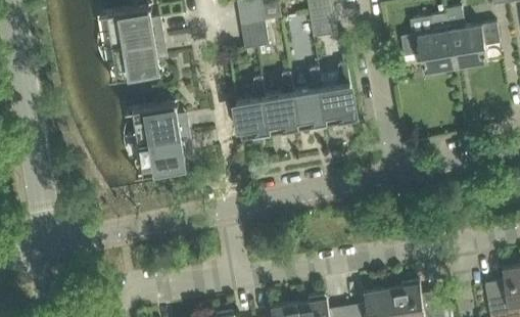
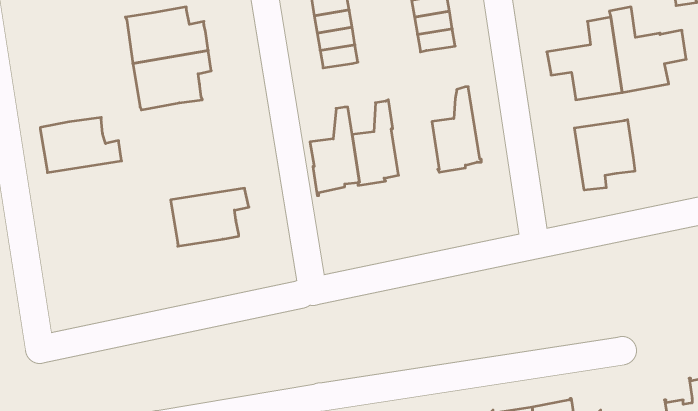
building: [293,70,327,129] -> none
building: none -> [574,120,635,190]
building: [133,105,190,144] -> [40,117,122,173]

